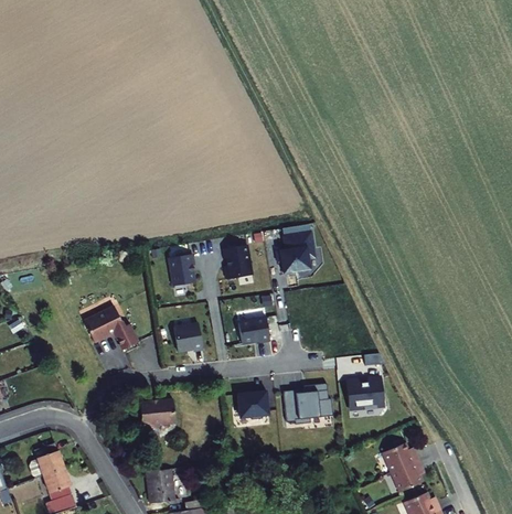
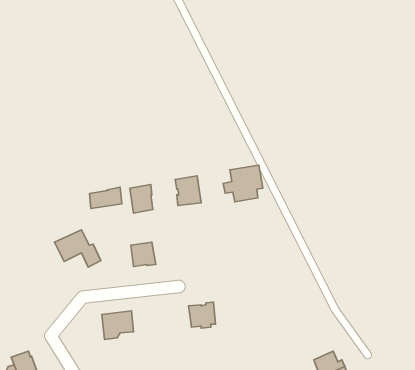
building: none -> [90,187,122,208]
building: [236,317,267,342] -> none
building: [344,378,384,408] -> none
building: [284,383,332,424] -> none

